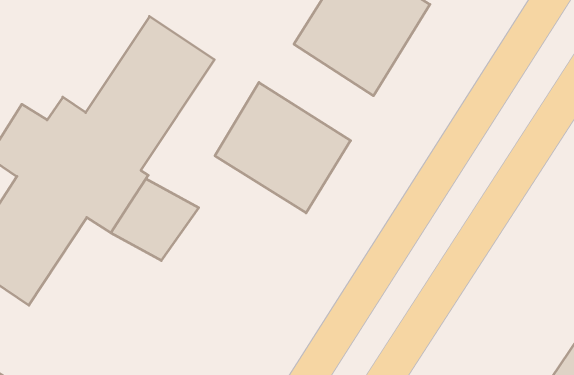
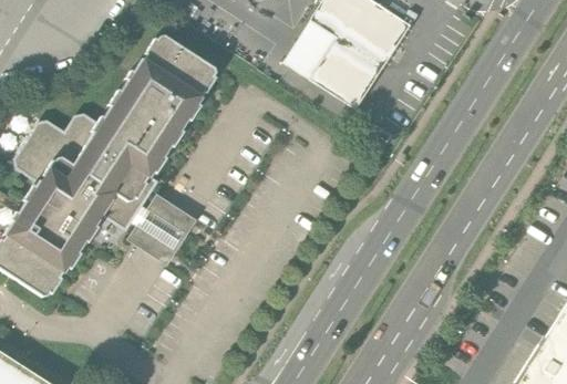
building: [215,82,351,213] -> none

